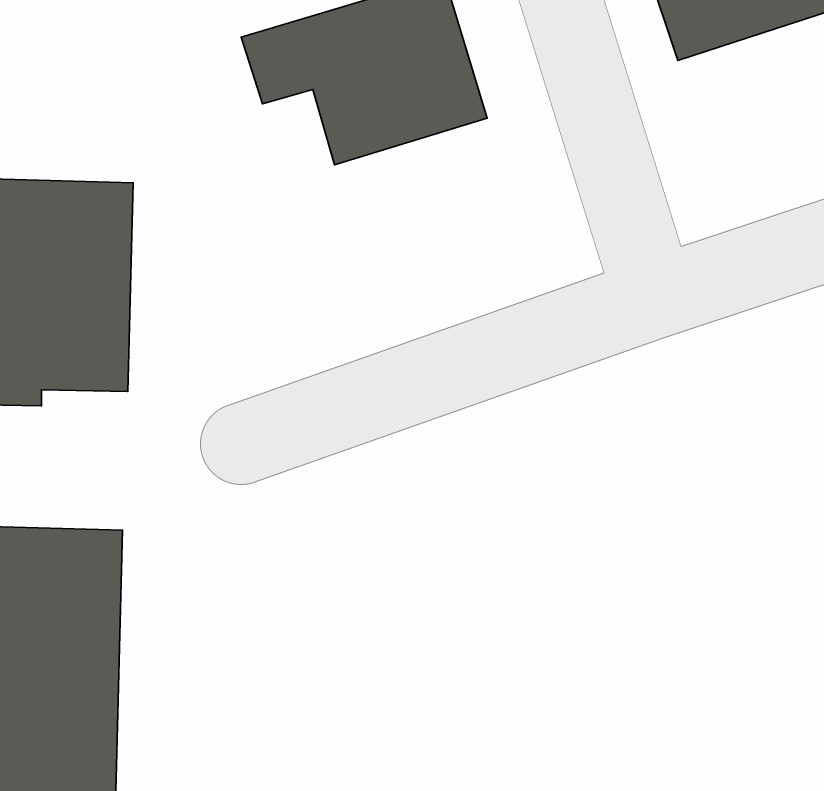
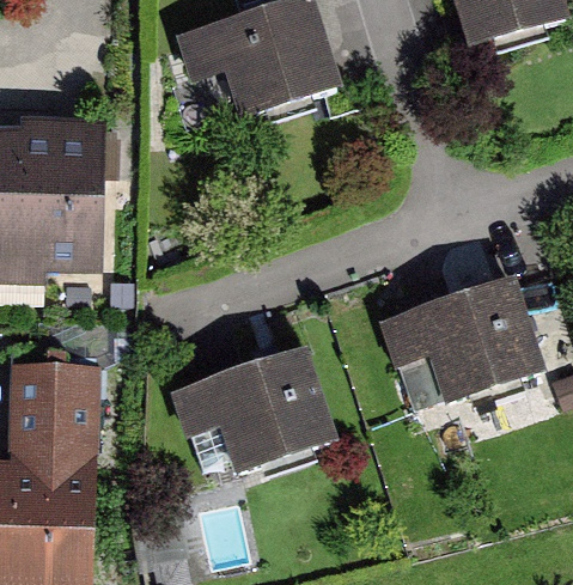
building: none -> [379,275,544,403]
building: none -> [171,345,339,475]

